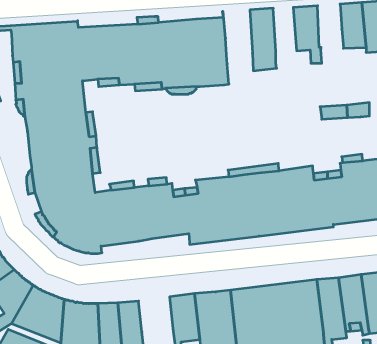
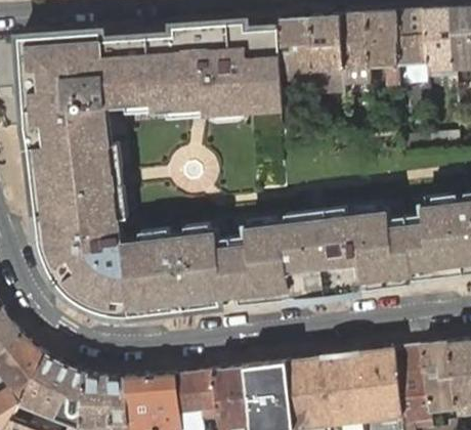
building: none -> [392,10,425,83]
building: none -> [338,14,367,83]
building: none -> [276,17,313,99]
building: none -> [173,370,215,413]

